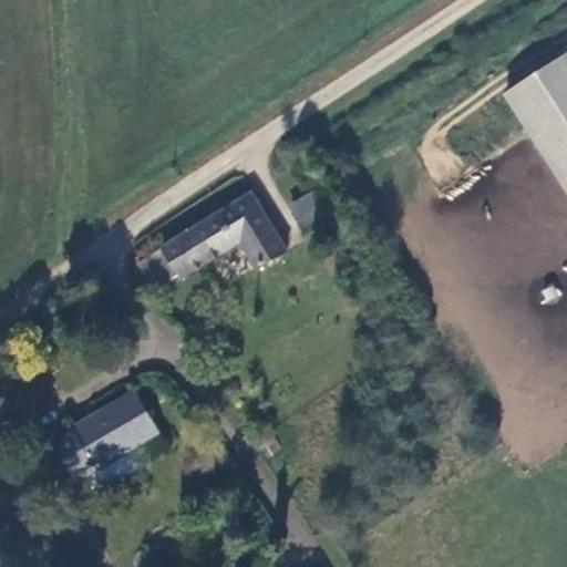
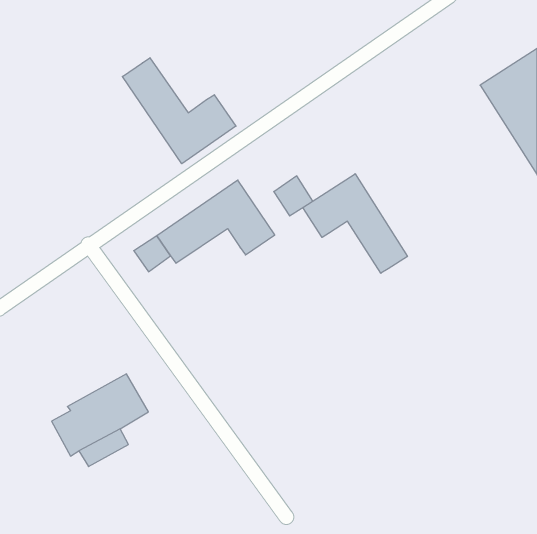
building: none -> [122,58,236,164]
building: none -> [303,174,407,273]

